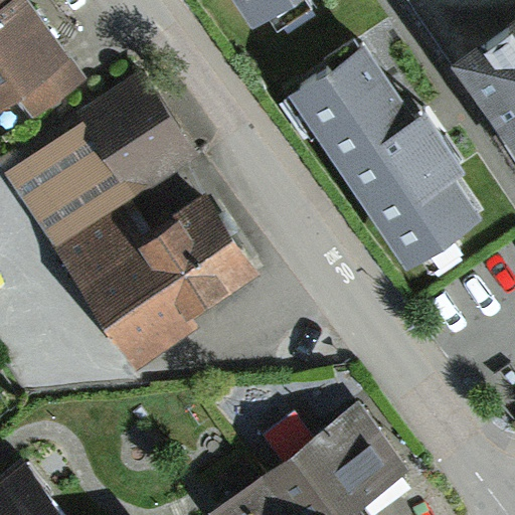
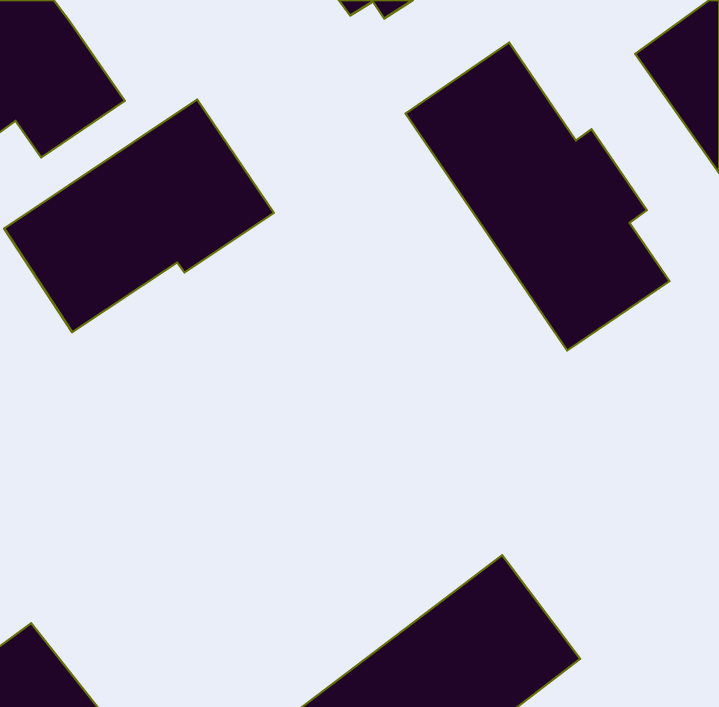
building: [51,198,254,367] -> none

